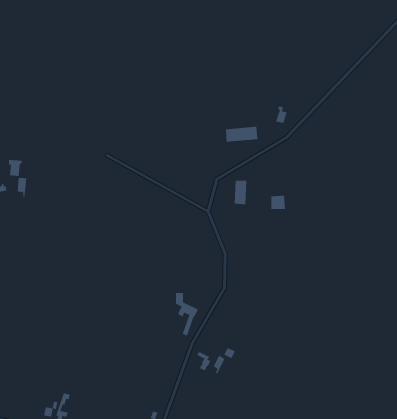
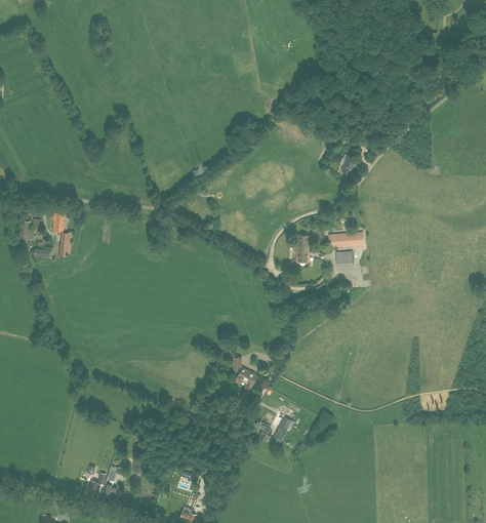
building: [225,126,258,142] -> [327,231,363,248]

